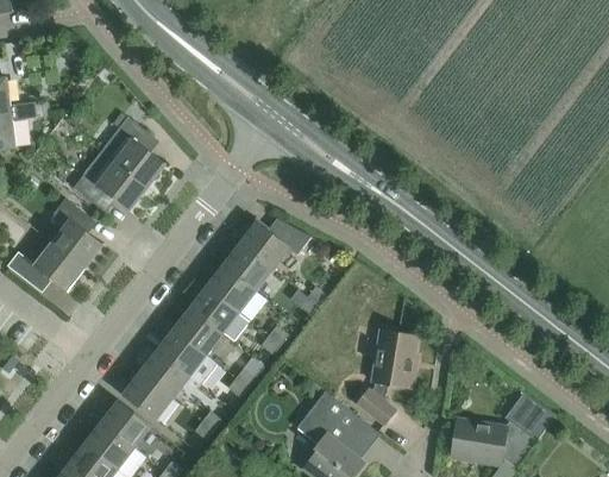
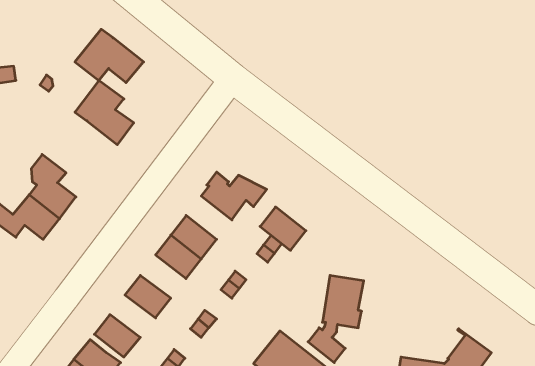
building: [73,152,147,211] -> [75,29,144,83]
building: [222,244,272,291] -> [260,207,306,250]
building: [172,308,222,356] -> none
building: [139,352,189,398] -> none

